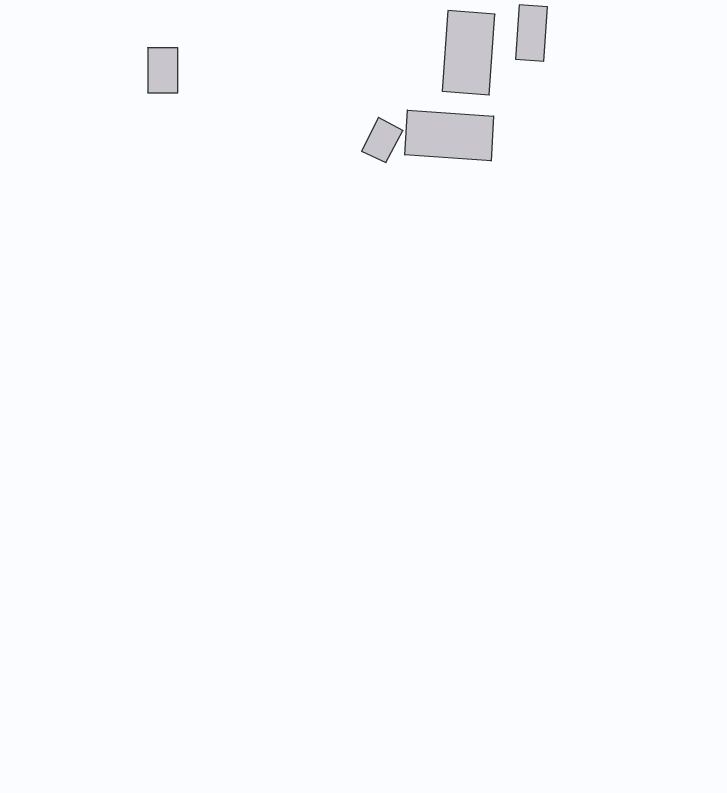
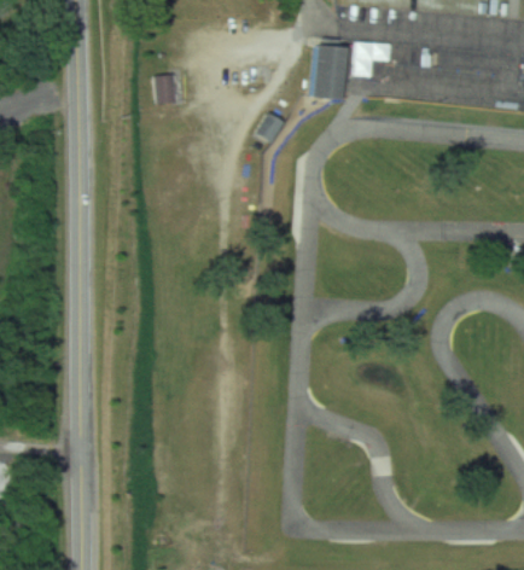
building: [148,48,178,93] -> [157,75,176,104]
building: [405,110,494,161] -> none

